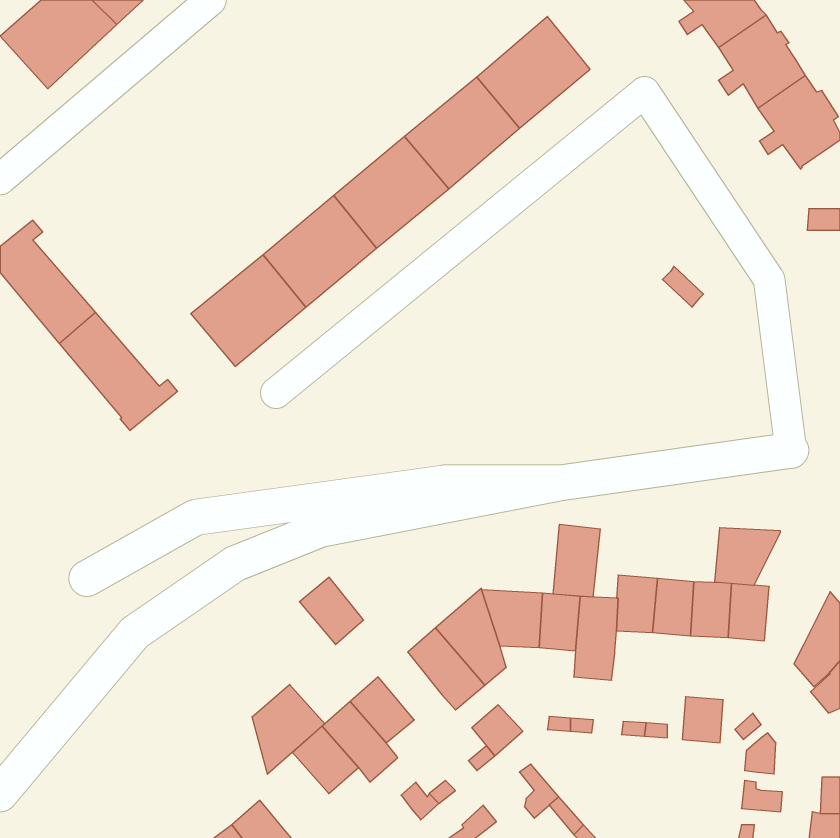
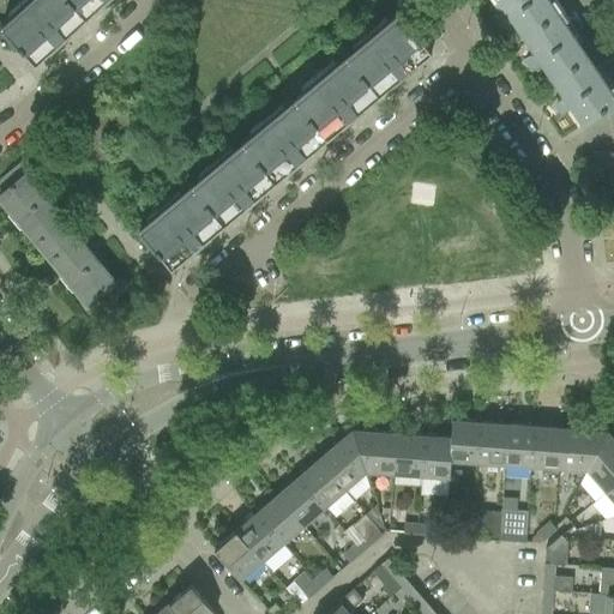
building: [553,524,600,597] -> none
building: [715,528,780,585] -> [558,429,606,471]
building: [299,577,364,645] -> [276,477,323,526]
building: [252,684,325,774] -> none

